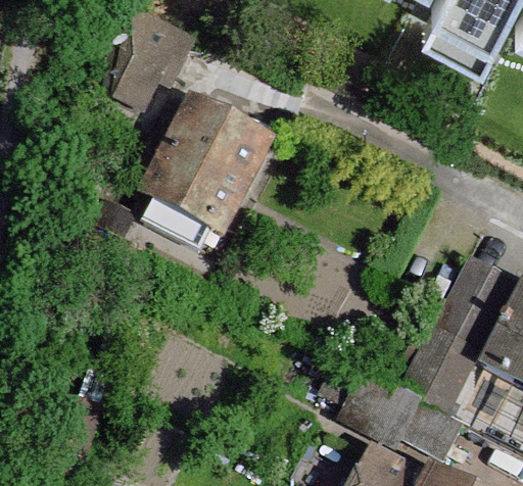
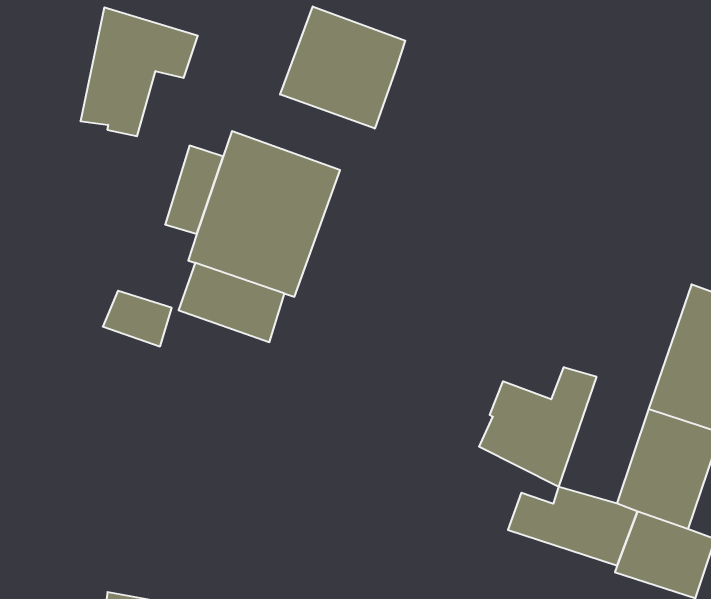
building: none -> [280,6,405,129]
building: none -> [479,367,596,487]

